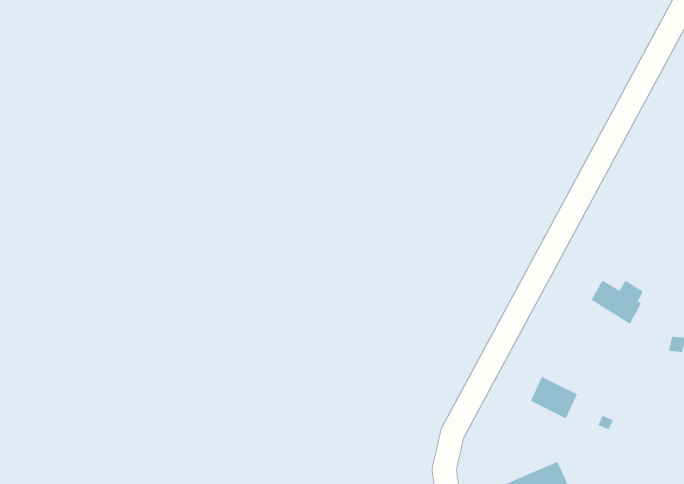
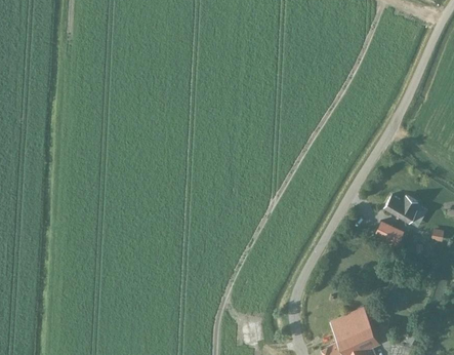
building: [530,376,578,419] -> [374,220,404,246]

